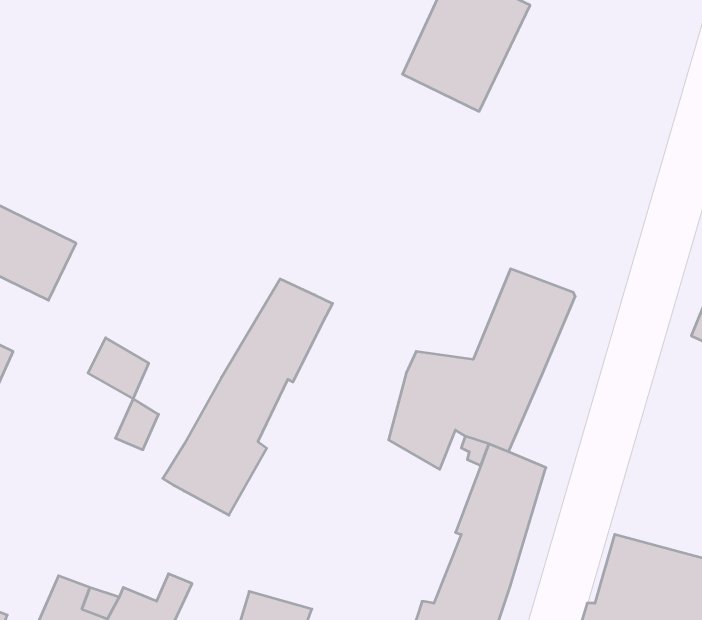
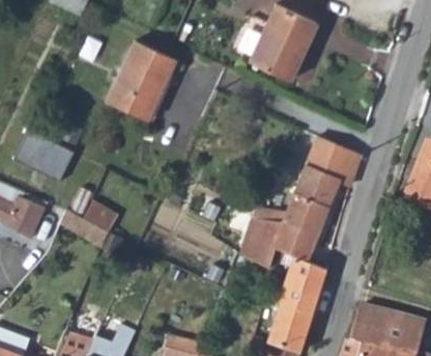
building: none -> [108,46,175,124]
building: none -> [306,136,361,183]
building: [163,279,333,515] -> none

